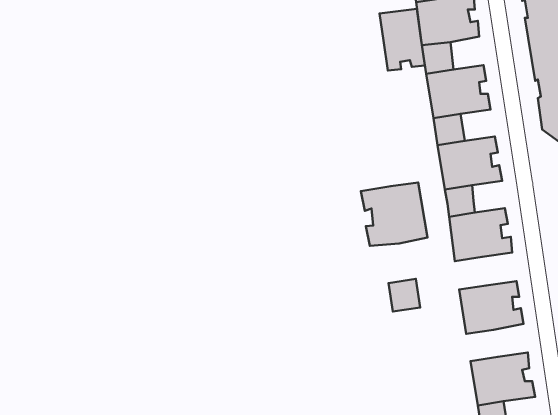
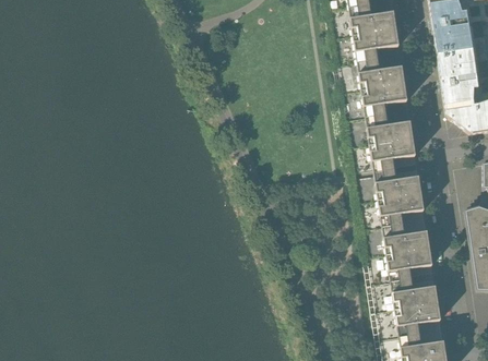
building: [380,9,425,70] -> none
building: [361,183,427,246] -> none
building: [389,279,420,312] -> [381,212,405,237]
building: none -> [390,267,414,291]

